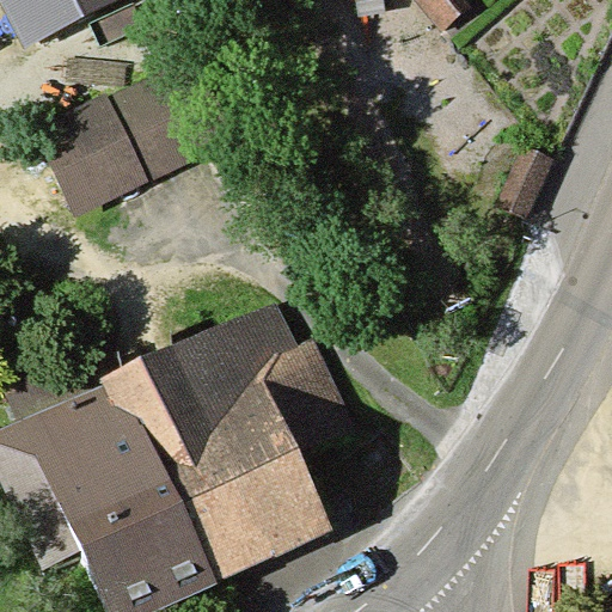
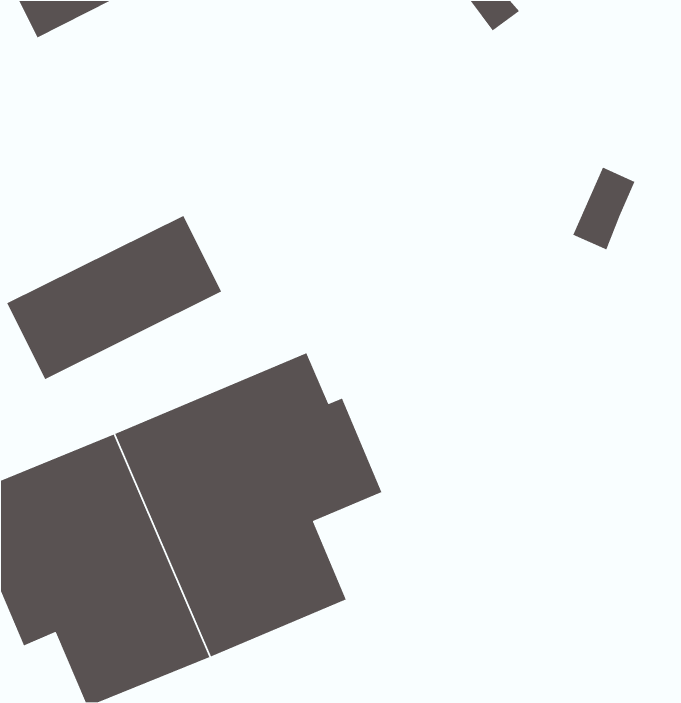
building: [37,68,225,212] -> [6,215,222,380]

